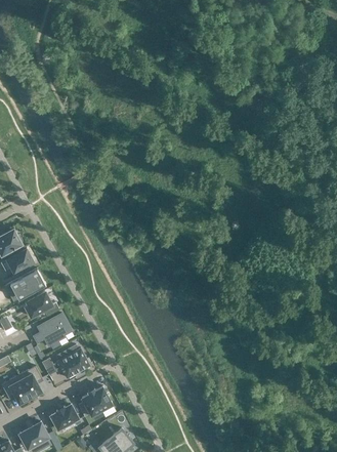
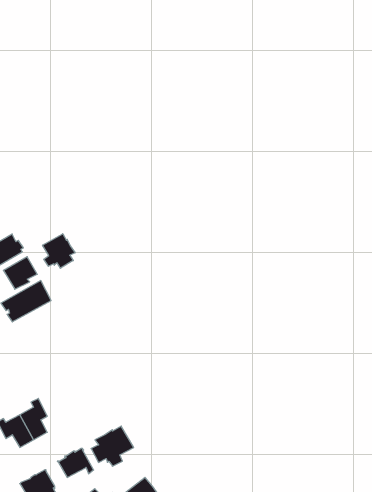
building: none -> [43,234,75,268]
building: [25,293,57,318] -> none
building: [32,315,71,350] -> none
building: [41,345,89,379] -> none

